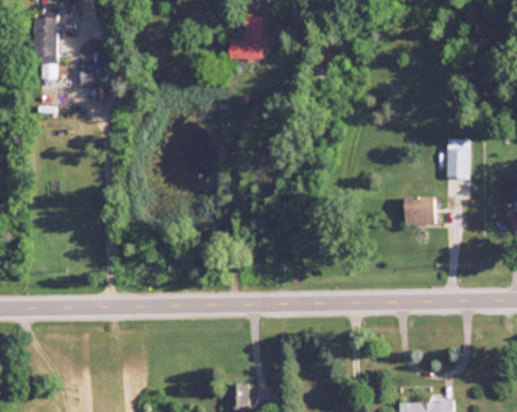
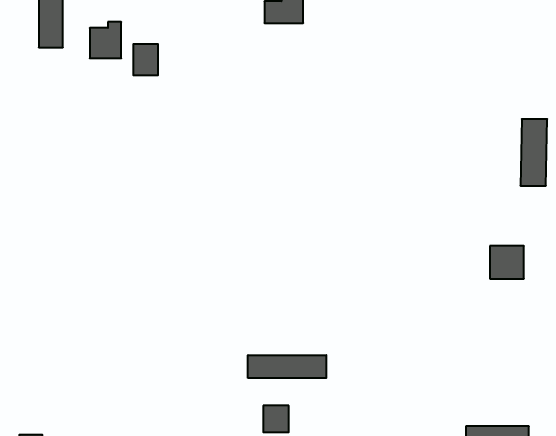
building: none -> [133,44,158,75]
building: [405,197,434,225] -> [490,246,524,279]
building: none -> [248,355,326,378]

